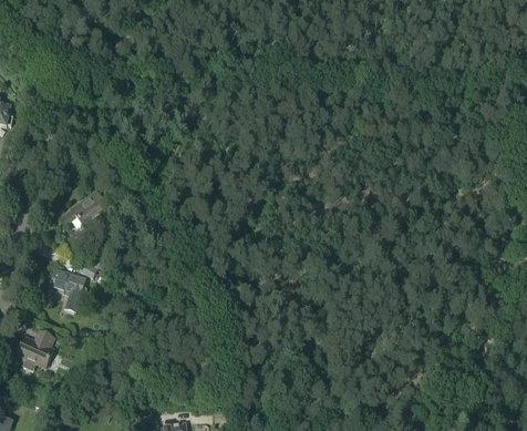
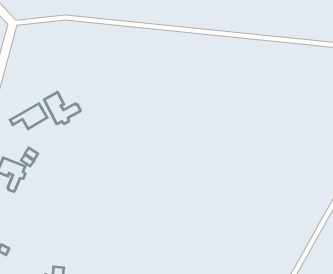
building: none -> [44,92,80,124]

